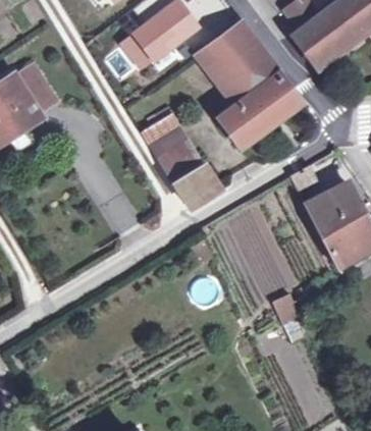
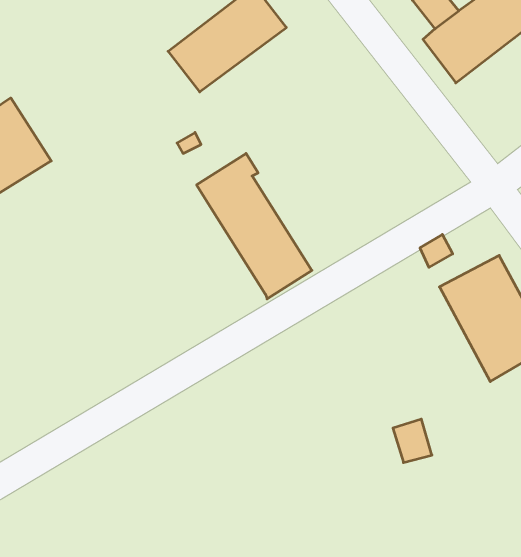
building: [196,22,303,148] -> none
building: [14,64,56,114] -> none

